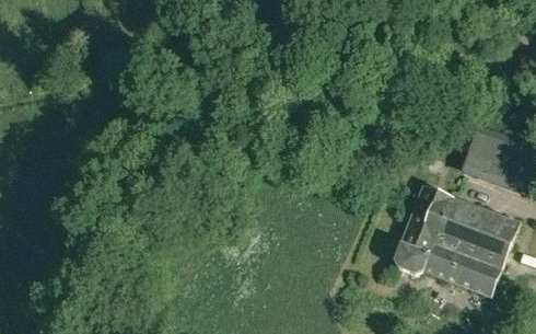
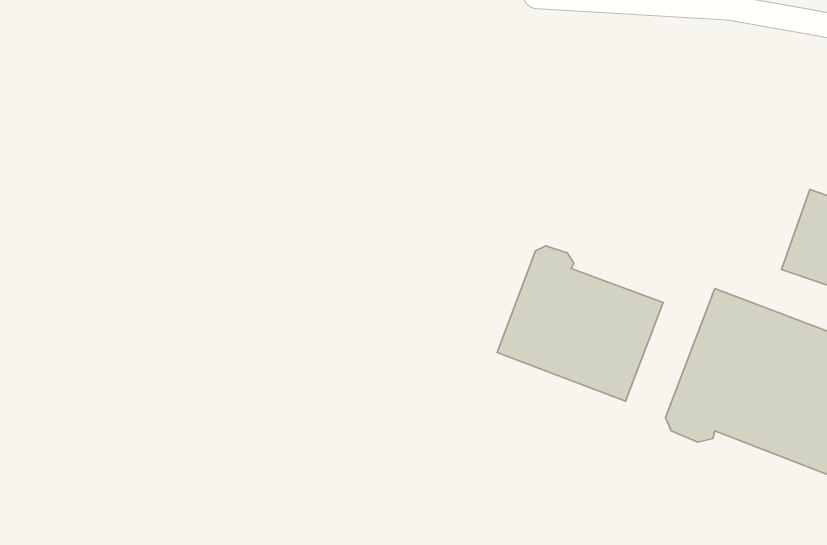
building: none -> [497,246,663,401]

